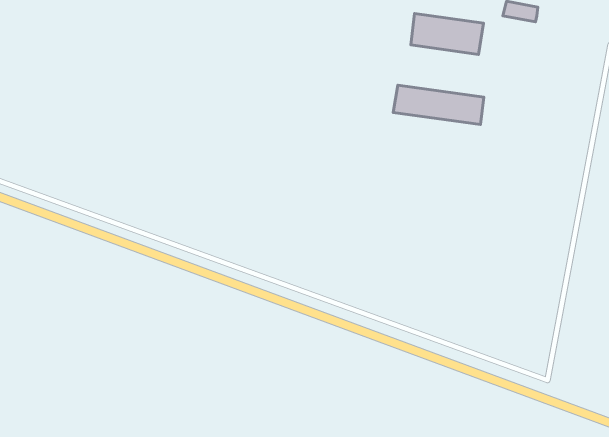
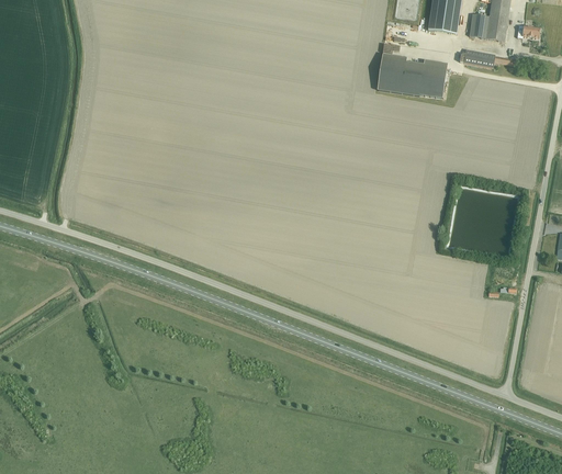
building: [393,85,484,125] -> none

